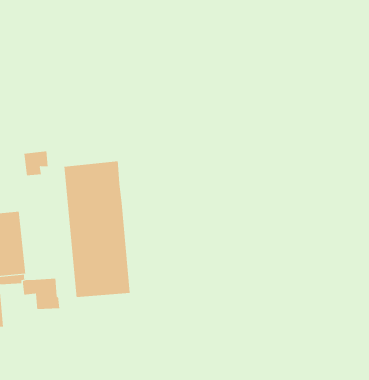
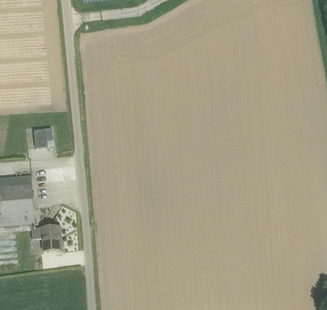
building: [64,161,130,298] -> none

